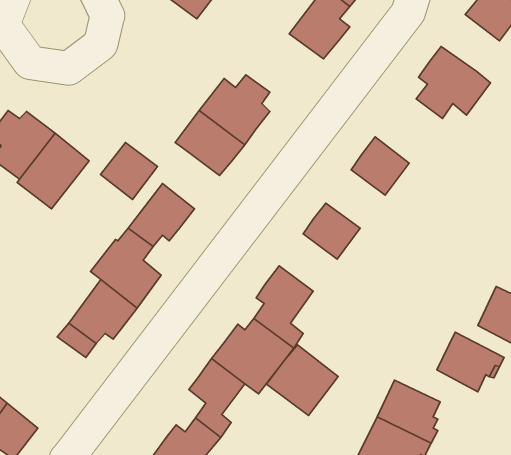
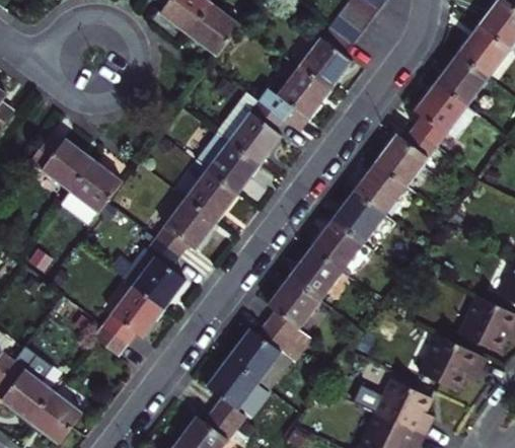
building: none -> [435,51,487,101]
building: none -> [262,68,330,132]
building: none -> [376,126,436,182]
building: [100,142,158,200] -> [188,172,238,223]
building: none -> [333,189,385,240]
building: none -> [291,245,343,296]
building: [266,345,338,416] -> none

